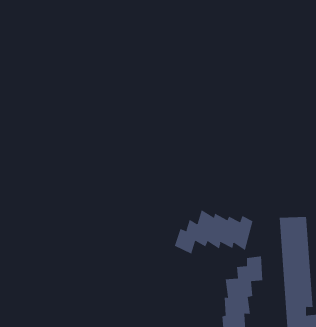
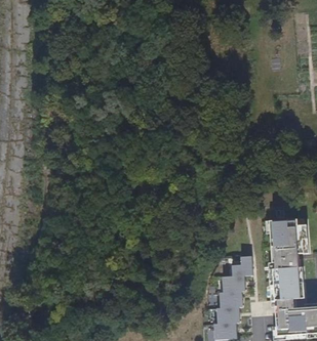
building: [174,209,253,254] -> none

